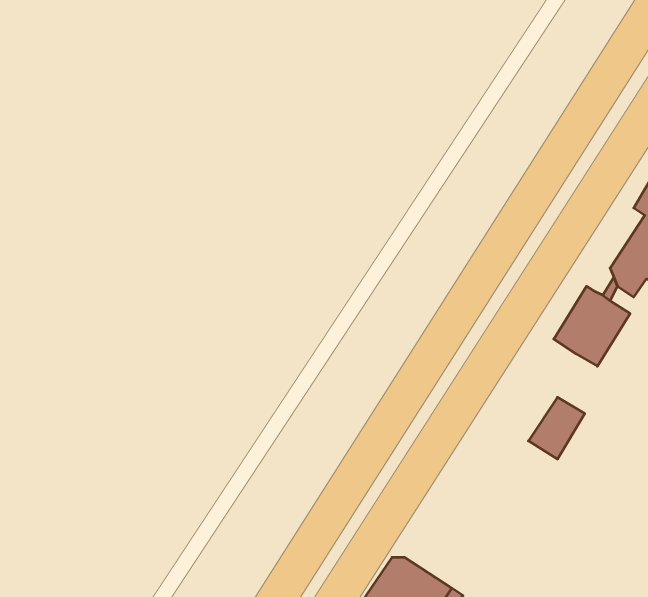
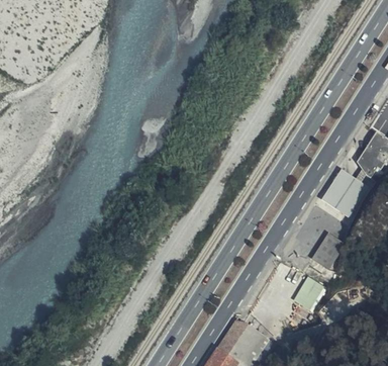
building: none -> [293,274,325,308]

